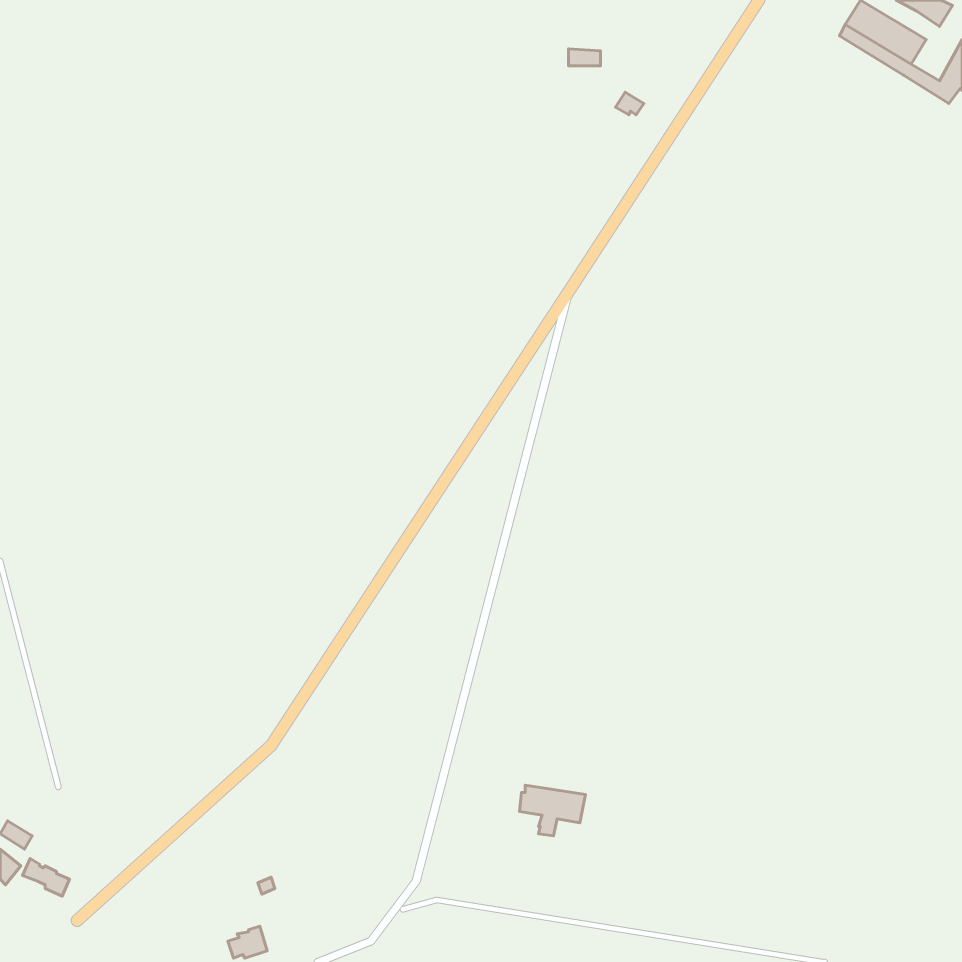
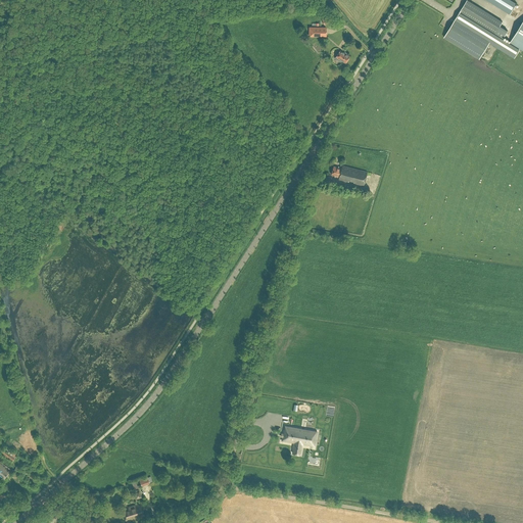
building: none -> [444,19,490,58]
building: none -> [332,165,367,186]

